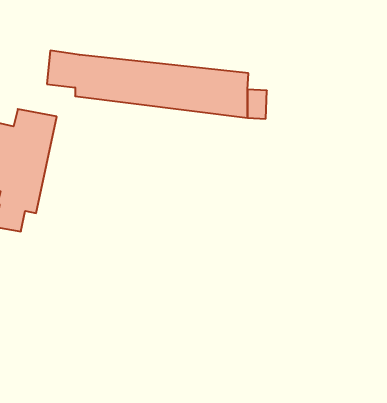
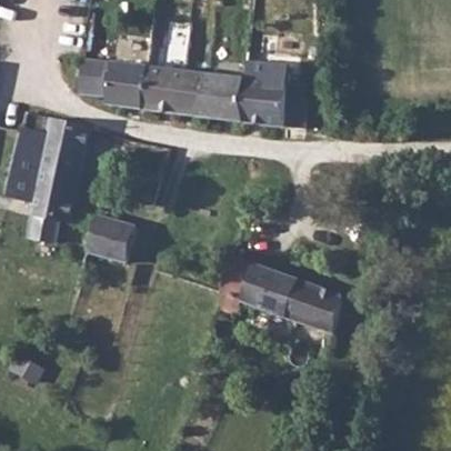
building: none -> [83,213,132,260]
building: none -> [203,253,330,329]

